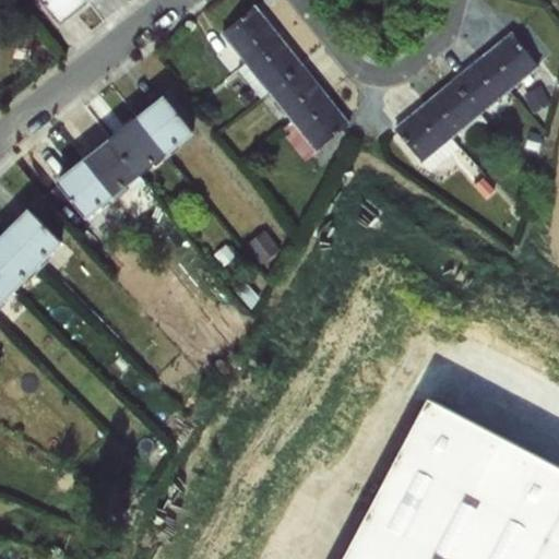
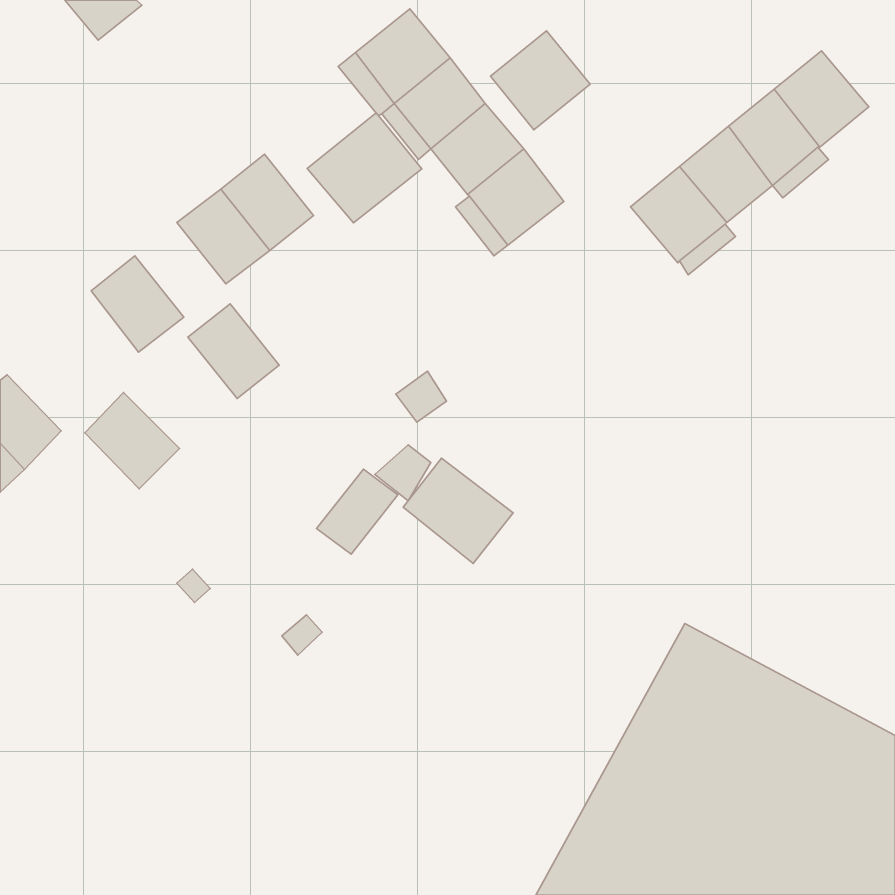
building: none -> [491,31,590,130]
building: none -> [307,113,422,223]
building: [84,139,141,198] -> [188,304,279,399]
building: [4,209,63,269] -> [85,393,179,489]
building: none -> [403,458,513,564]
building: none -> [317,469,398,554]

